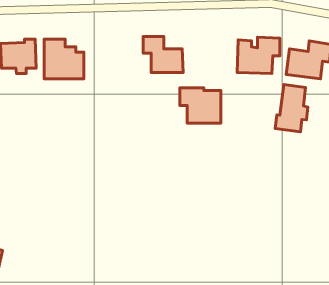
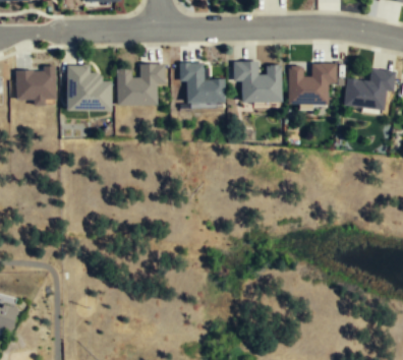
building: none -> [117,62,165,104]
building: [275,85,308,132] -> none
building: [180,88,221,123] -> [234,62,281,103]

